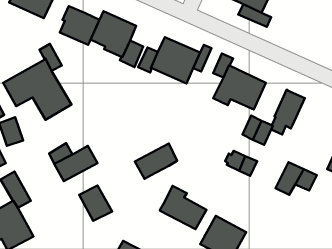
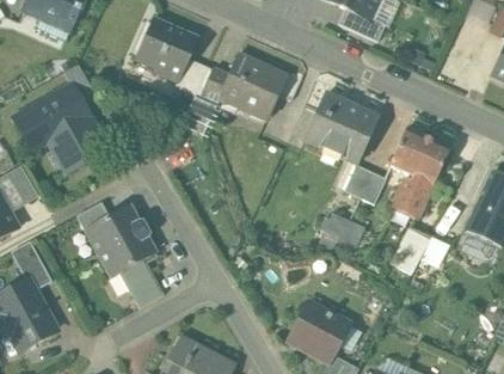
building: [60,6,99,45] -> none
building: none -> [392,139,450,219]
building: [135,143,177,179] -> [98,228,156,277]
building: [160,186,206,229] -> none

